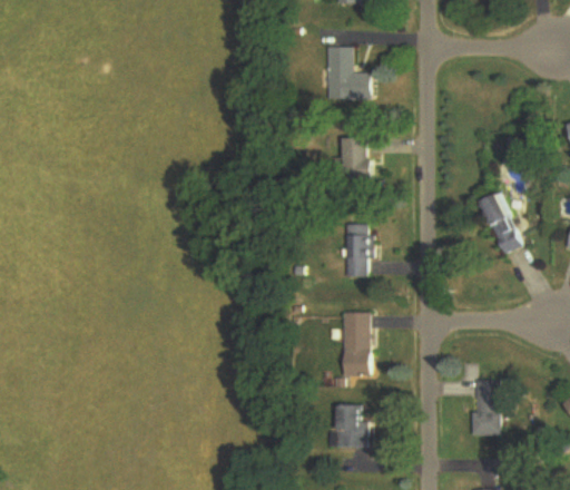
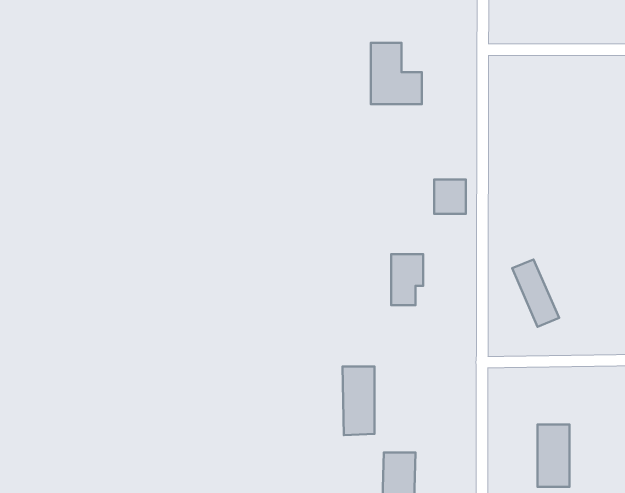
building: [344,151,372,182] -> [434,180,466,214]
building: [481,194,522,253] -> [512,259,559,327]
building: [341,317,368,378] -> [343,366,374,435]

